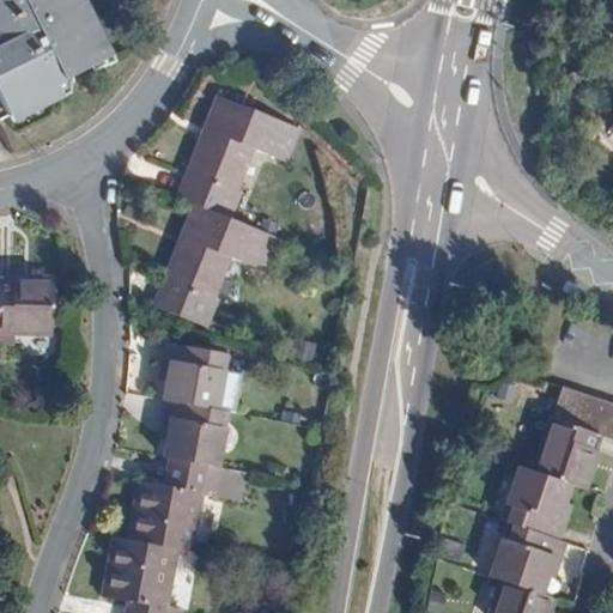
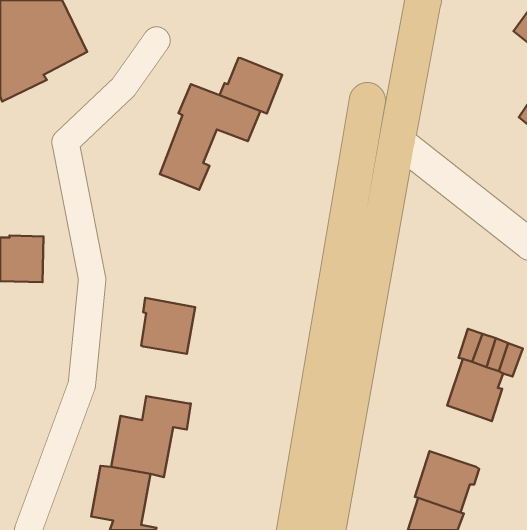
building: none -> [219,58,282,113]
building: [164,206,281,329] -> none
building: [165,400,231,466] -> none
building: [496,465,565,539] -> none

